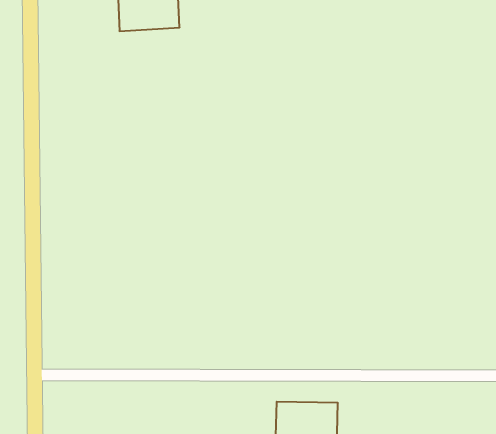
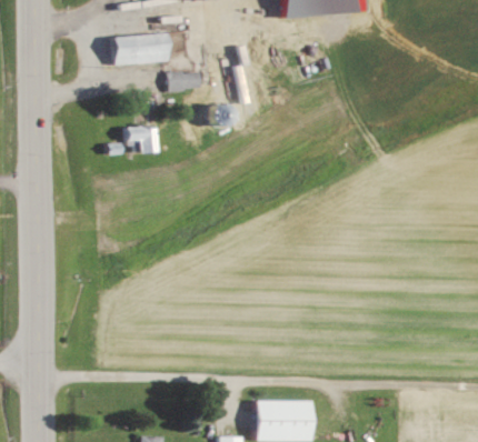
building: none -> [167,70,200,91]
building: none -> [127,127,156,152]

